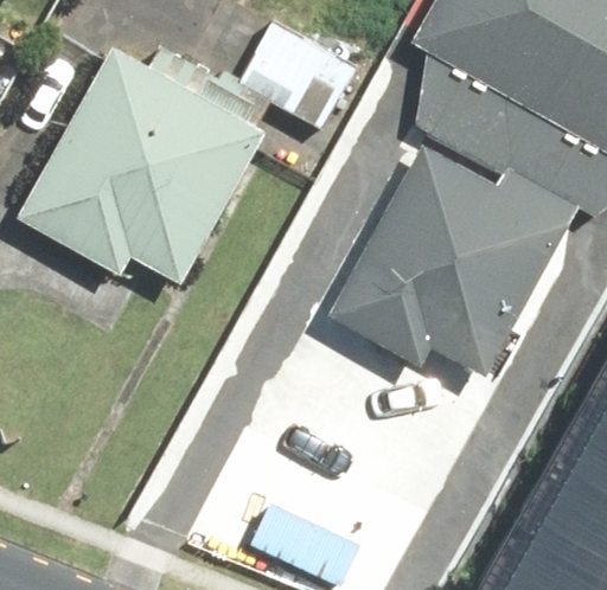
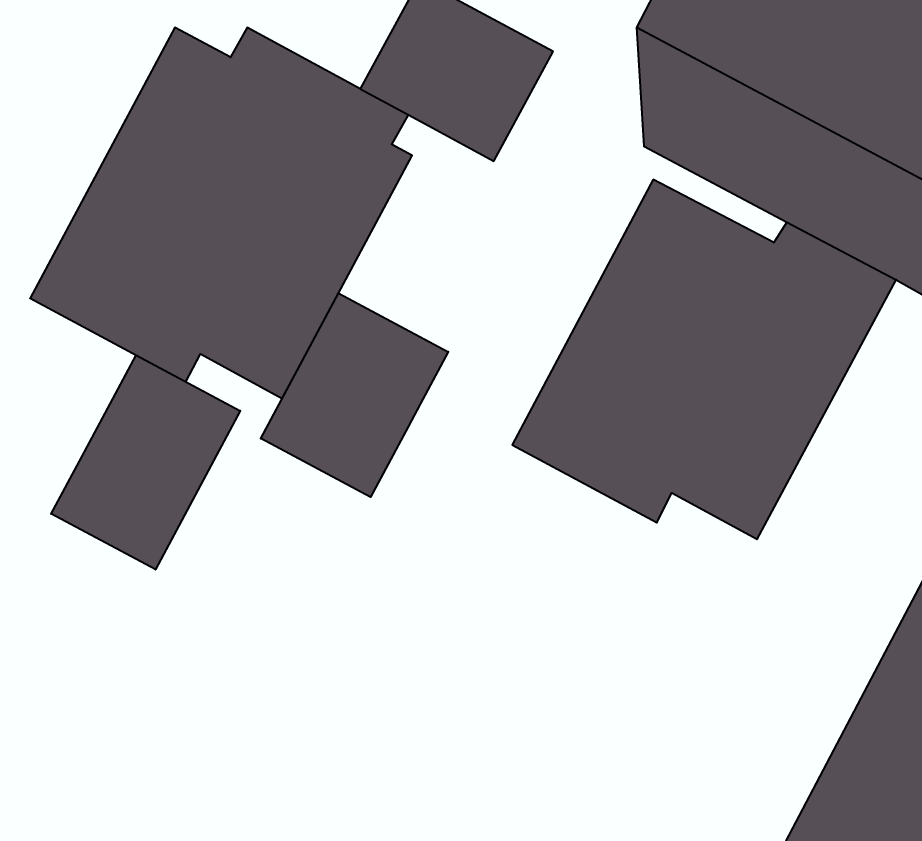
building: none -> [261,293,448,497]
building: none -> [51,355,240,570]

